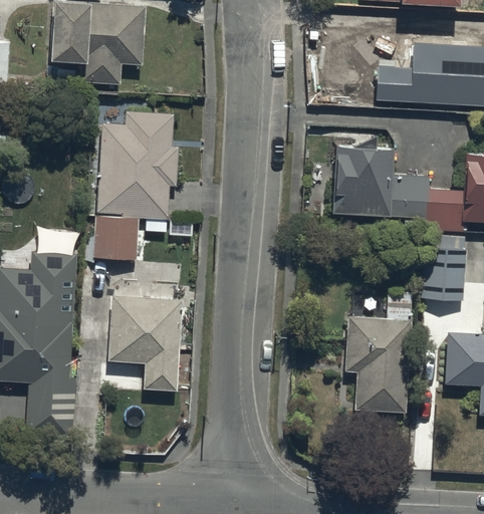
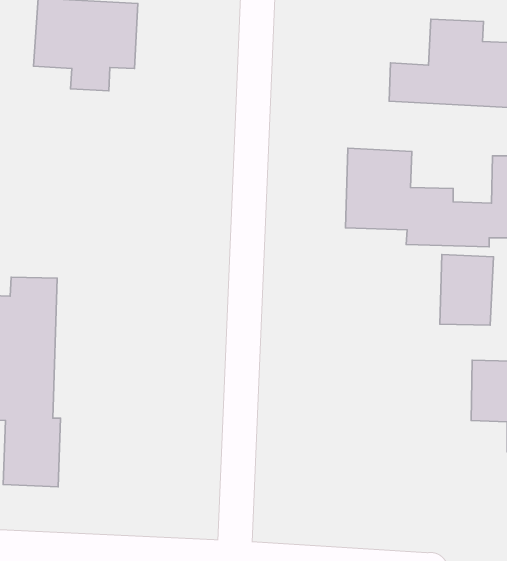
building: [92,114,178,262] -> none
building: [342,288,410,411] -> none
building: [109,297,183,394] -> none

